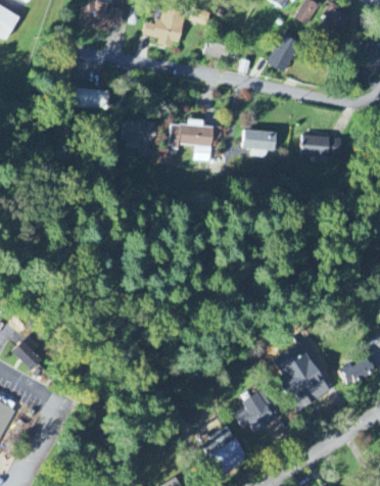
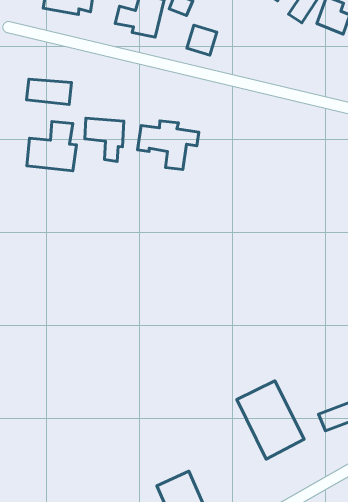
building: [268,34,298,72] -> none
building: none -> [27,122,76,171]
building: [242,130,275,156] -> none
building: [300,136,340,156] -> none
building: [235,390,278,432] -> none

